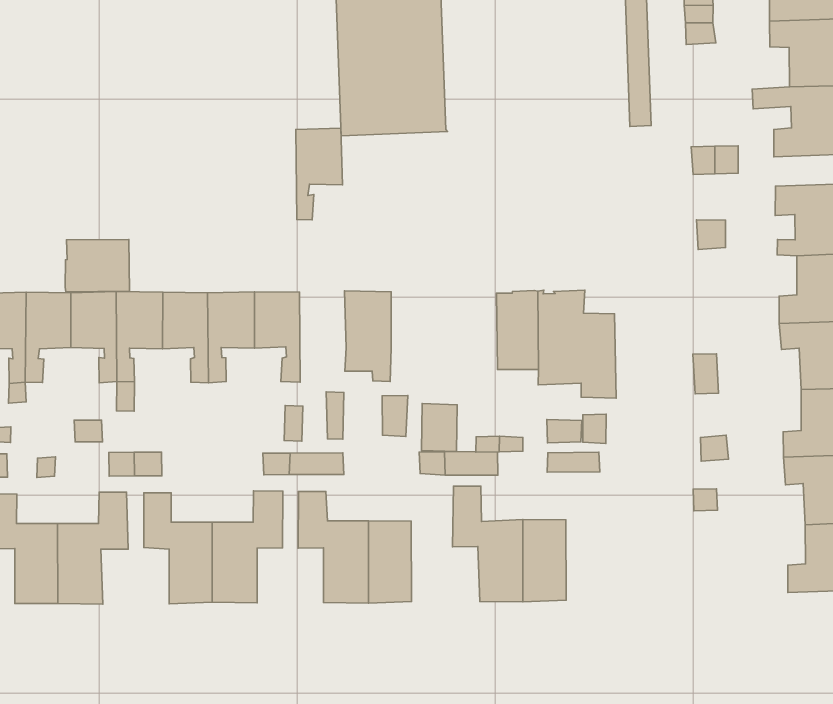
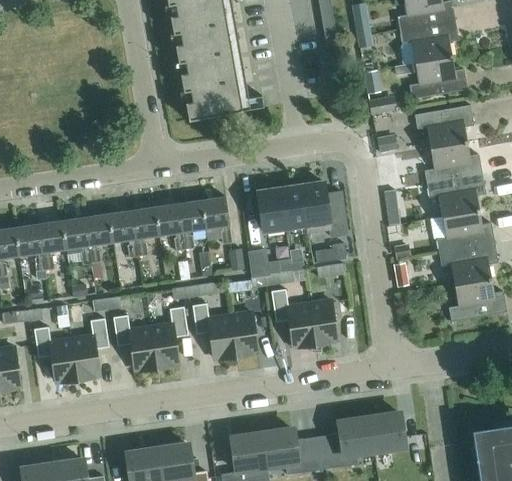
building: [296,128,343,220] -> [178,199,206,249]
building: [65,240,129,292] -> none
building: none -> [257,189,285,231]

